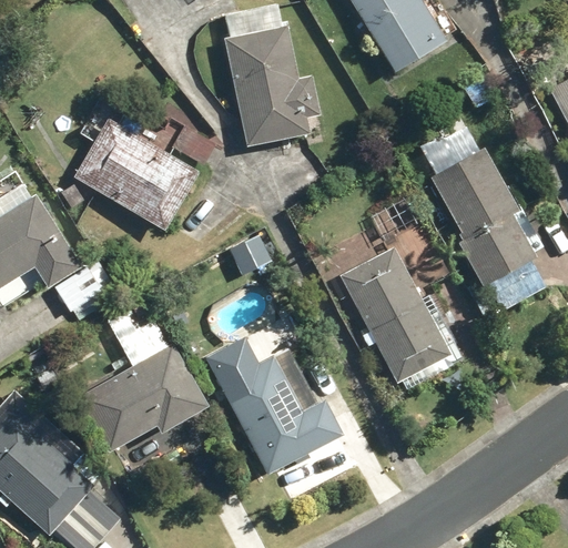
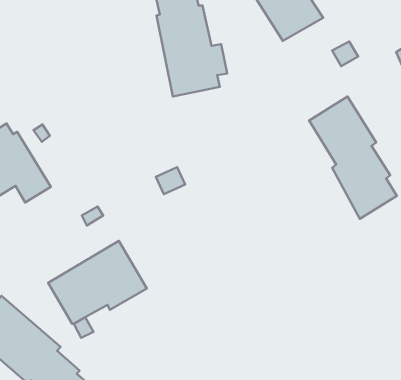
building: [71,116,212,230] -> none
building: [338,246,462,393] -> none
building: [216,353,345,475] -> none

